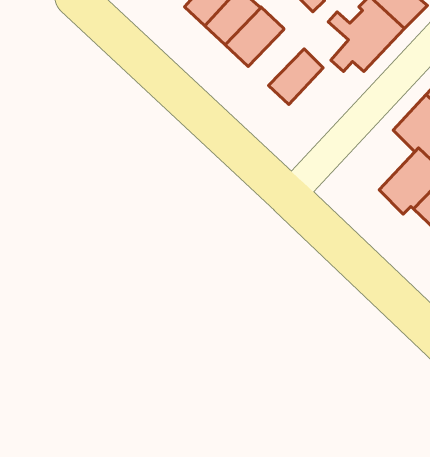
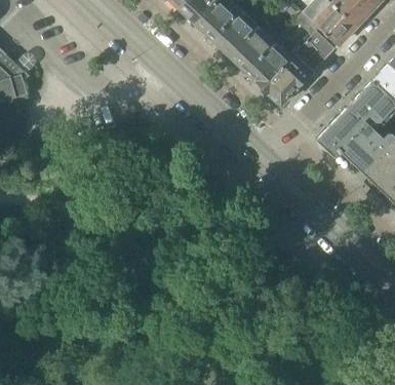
building: none -> [230,26,275,71]
building: none -> [263,54,311,105]
building: none -> [317,107,364,155]

